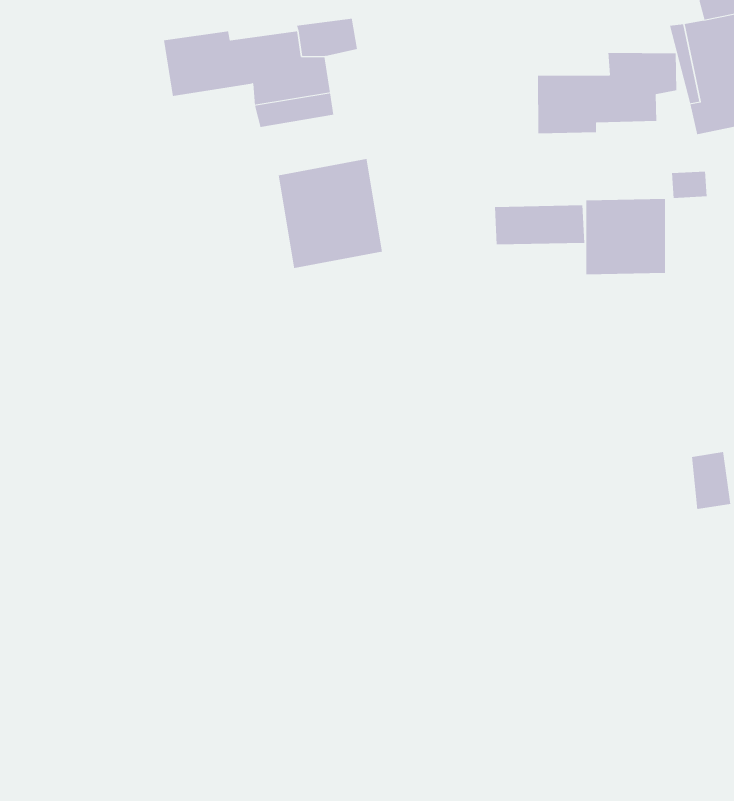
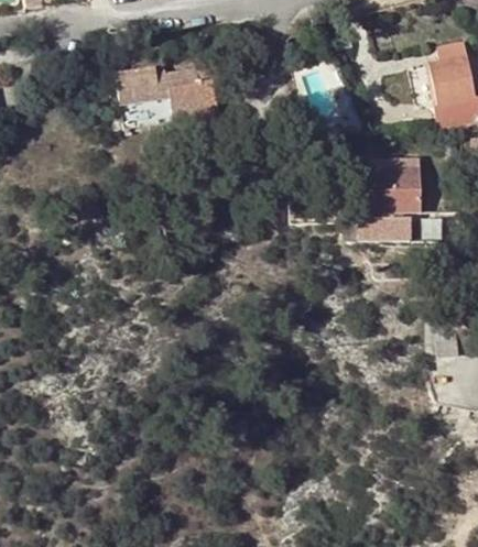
building: [538,52,677,134] -> none
building: [278,158,382,269] -> none
building: [494,205,585,245] -> [352,220,408,244]

